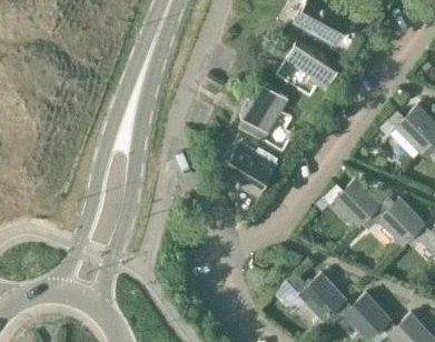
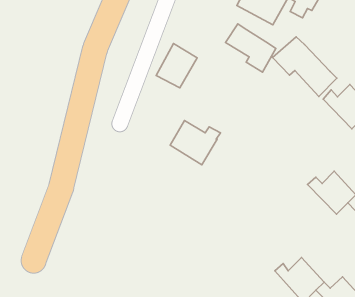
building: none -> [272,37,337,97]
building: [241,86,286,133] -> [156,44,197,88]
building: [315,180,383,227] -> none
building: [287,273,346,321] -> none

